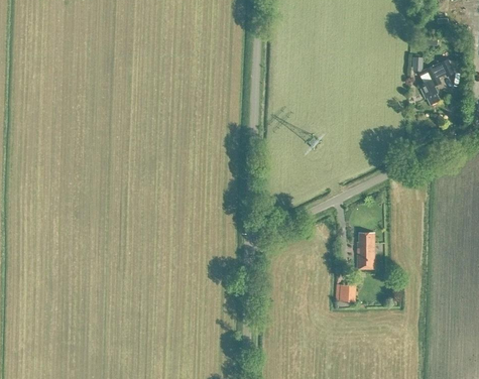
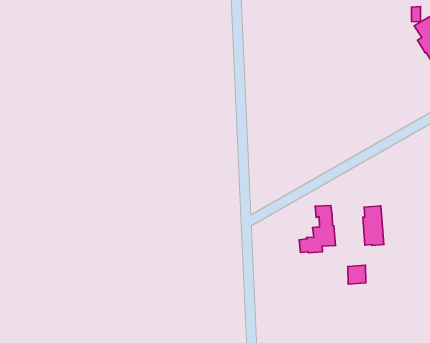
building: none -> [299,205,336,253]

